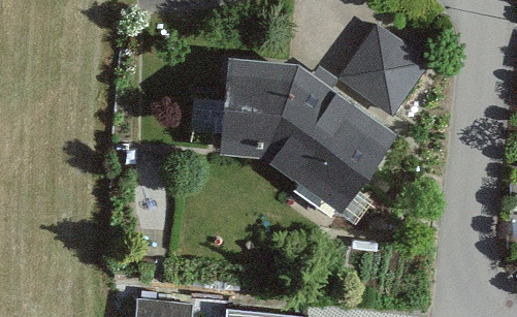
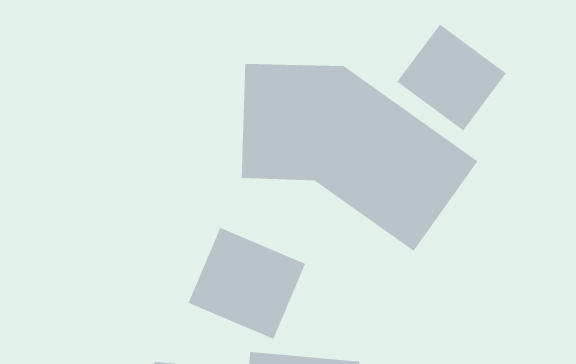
building: none -> [187,227,306,340]

